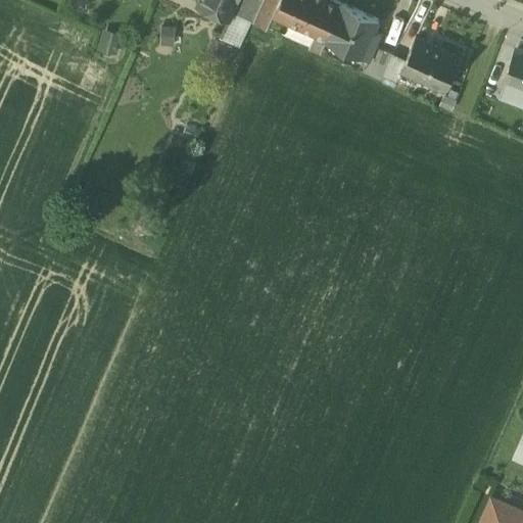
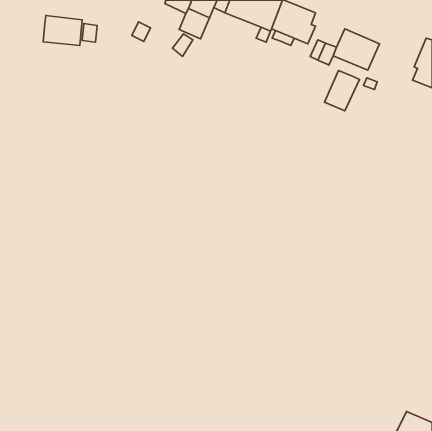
building: none -> [43,15,82,45]
building: none -> [325,70,359,111]

